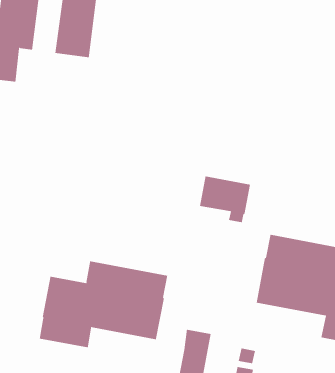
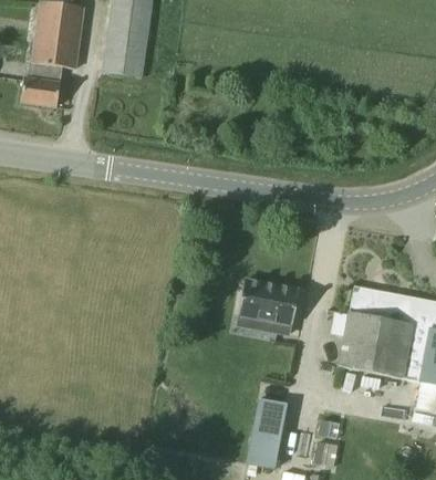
building: [199,176,251,223] -> [237,279,298,334]
building: [39,260,168,348] -> none

